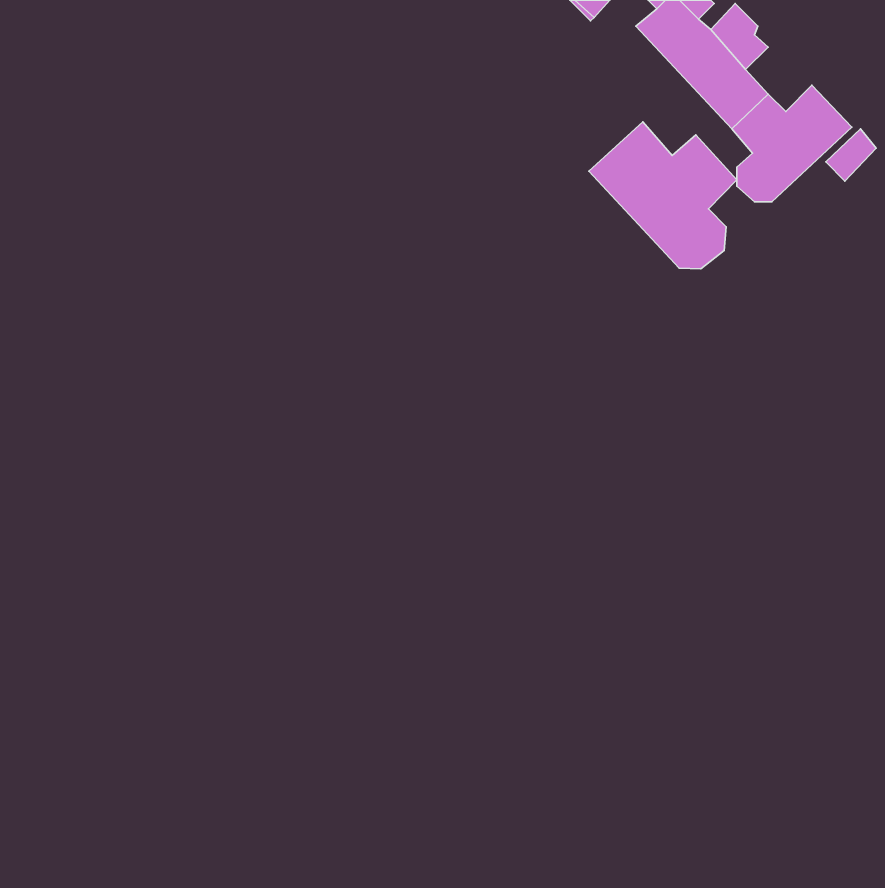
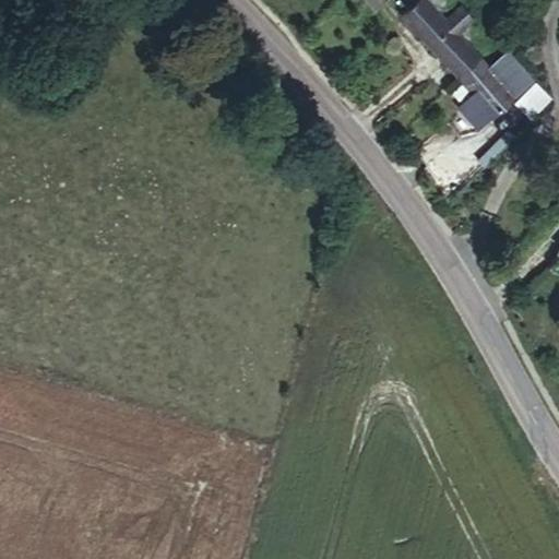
building: [589,122,737,269] -> none

